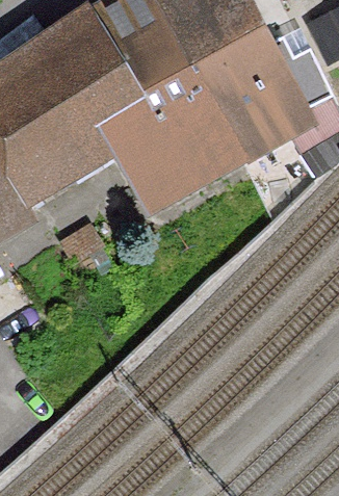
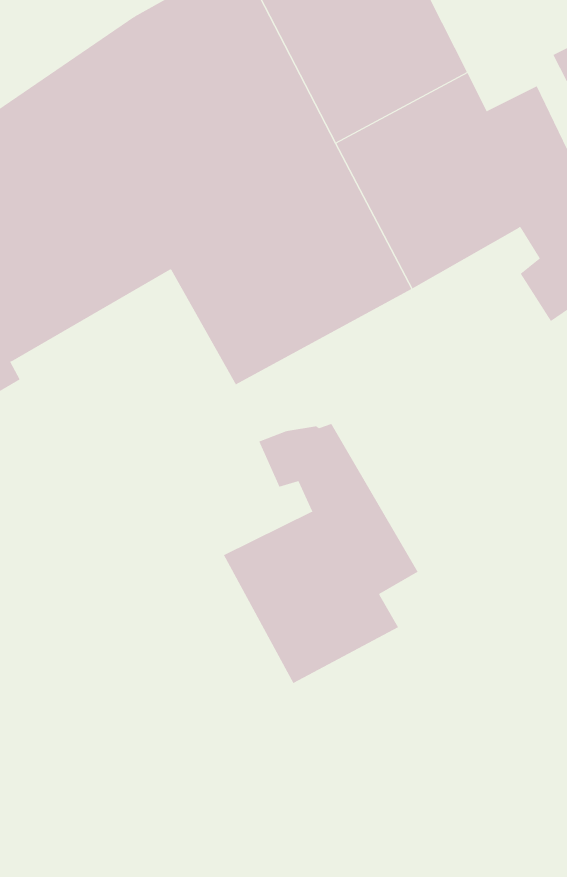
building: none -> [223,423,418,684]

